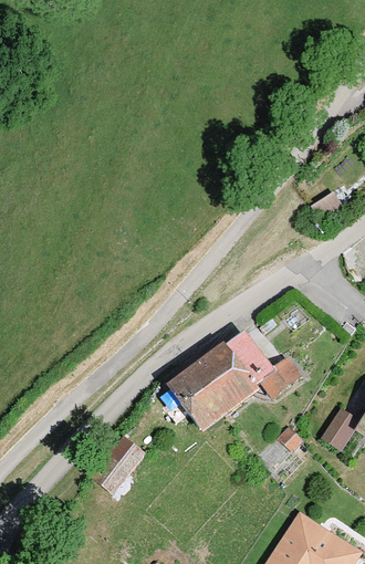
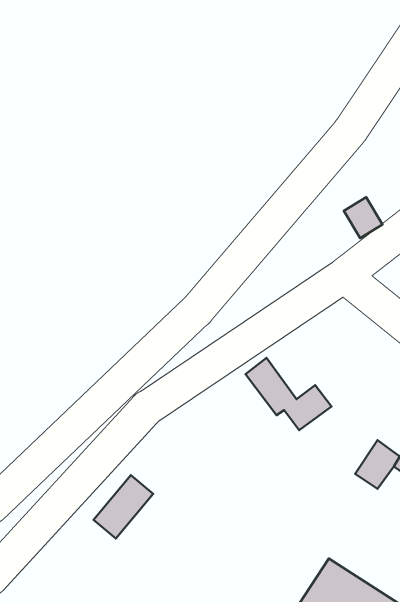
building: [165,343,258,434] -> none

